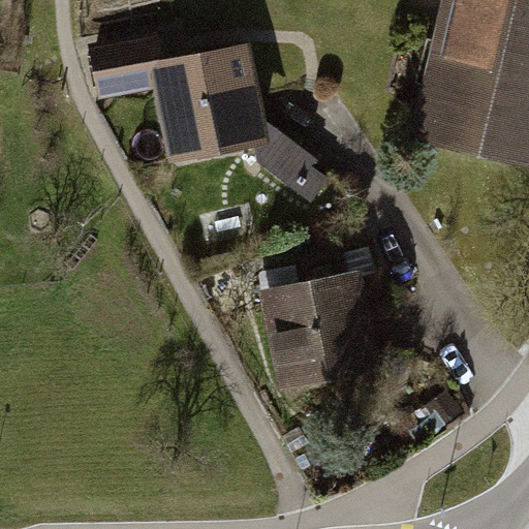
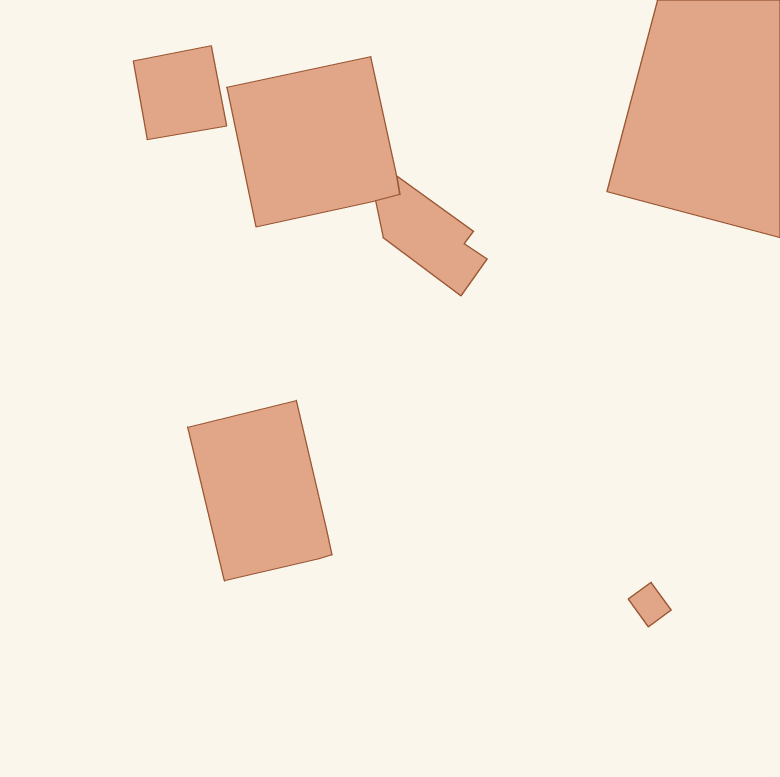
building: [260,268,382,387] -> none
building: none -> [188,400,332,581]

